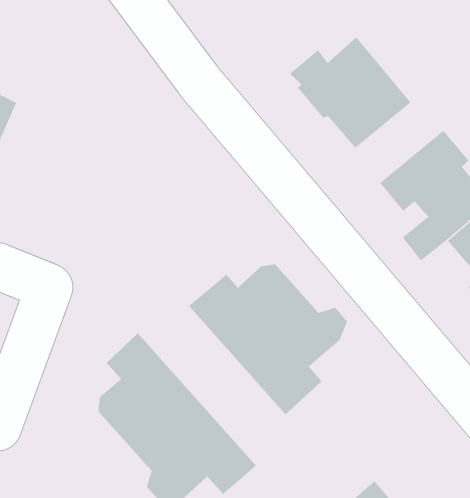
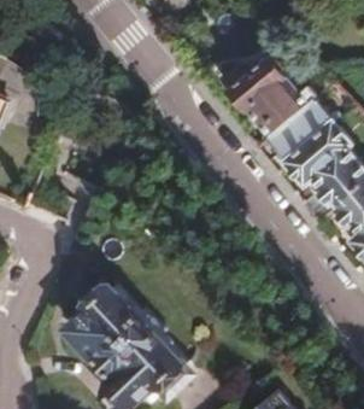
building: none -> [265,99,333,163]
building: [188,263,348,415] -> none

